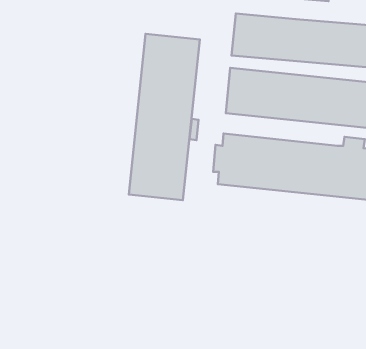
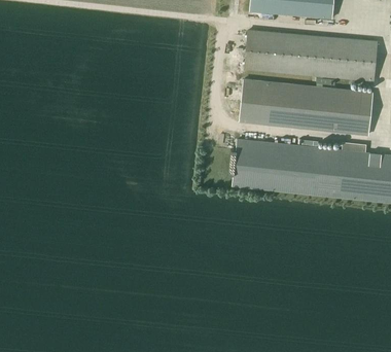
building: [129,34,200,200] -> none

